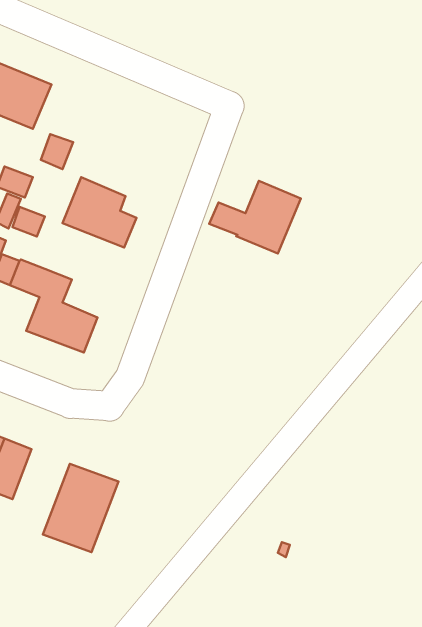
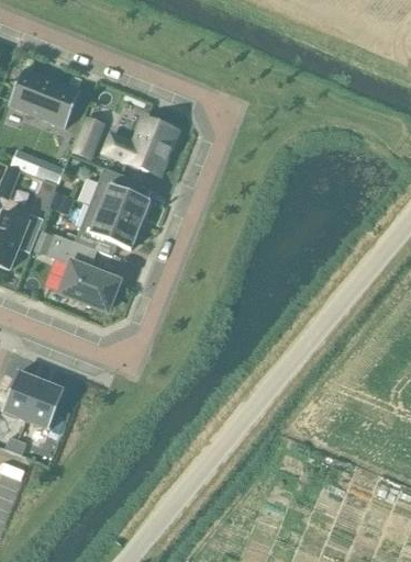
building: [209,181,301,254] -> [103,116,178,176]
building: none -> [75,204,140,256]
building: [43,464,119,552] -> none

